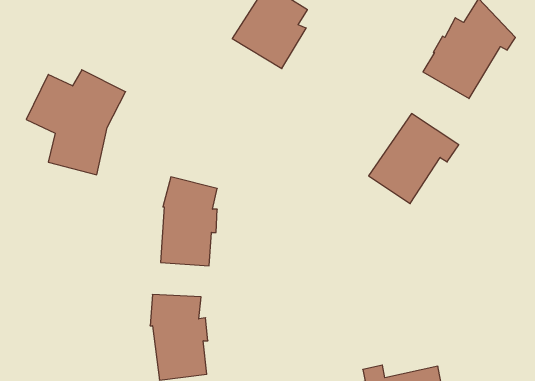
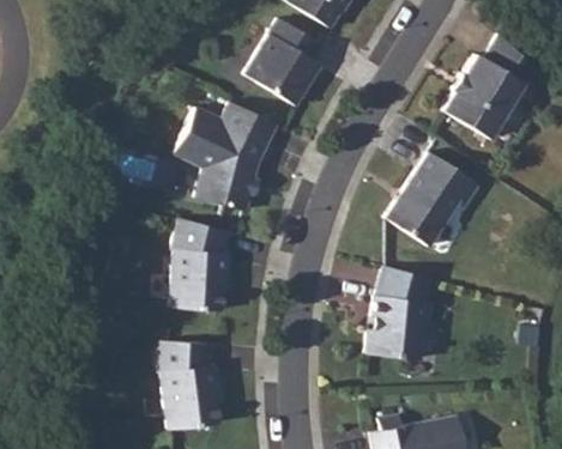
building: [26,70,126,175] -> [173,103,276,212]
building: none -> [367,267,430,360]

